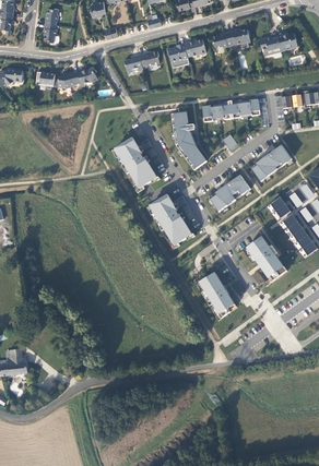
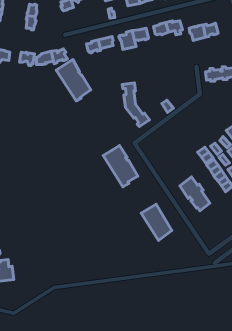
building: [202,98,260,123] -> none
building: [110,136,156,191] -> [56,59,91,101]
building: [250,145,292,181] -> none
building: [208,175,250,212] -> none

